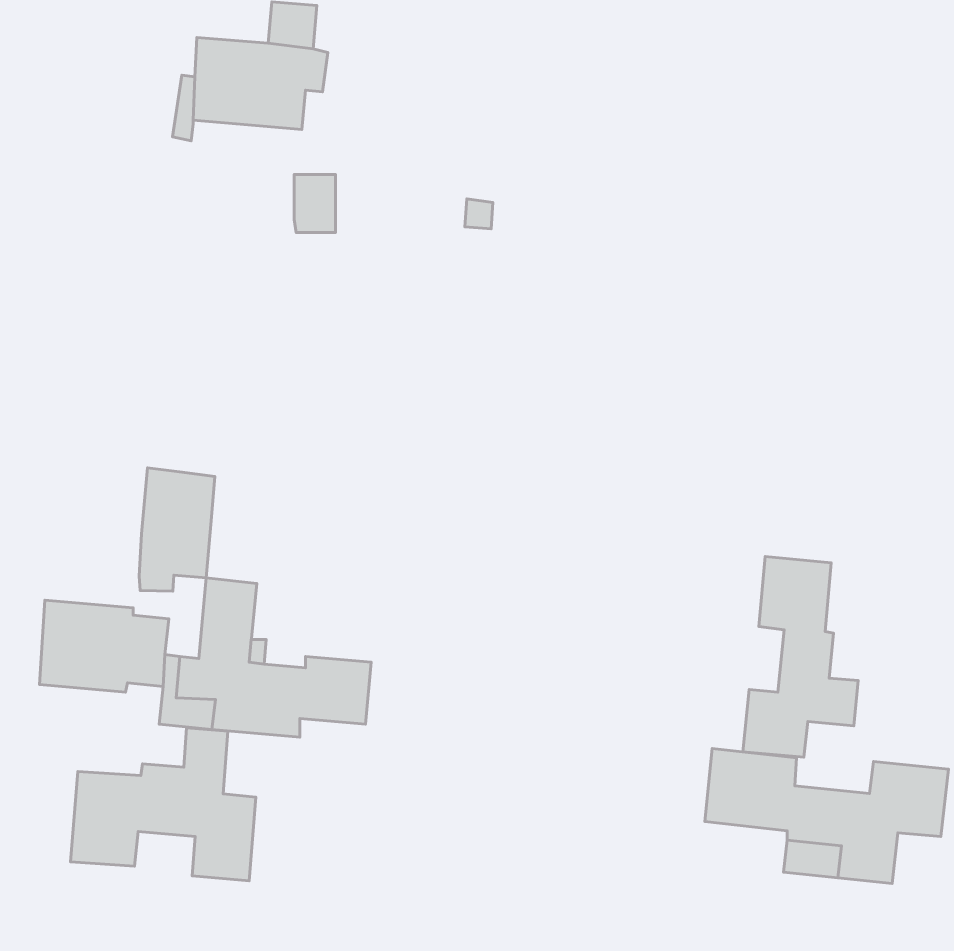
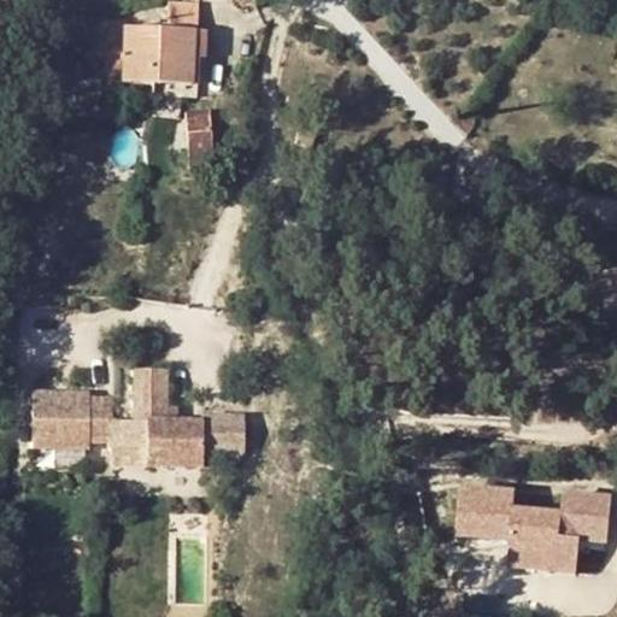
building: [139,468,215,591] -> none
building: [743,556,858,757] -> none
building: [70,728,256,881] -> none

